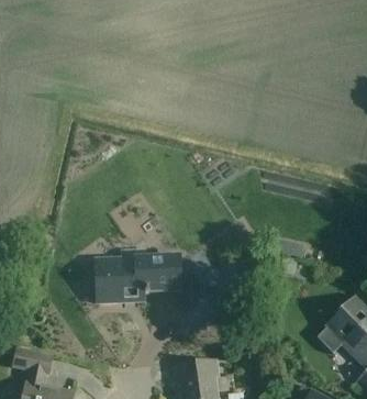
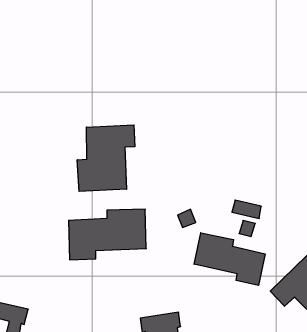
building: none -> [77,125,135,191]
building: none -> [194,233,265,285]

